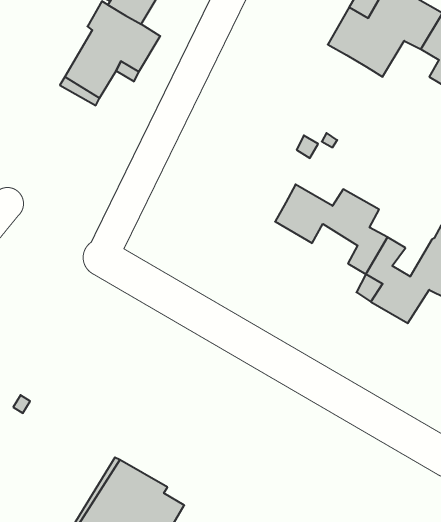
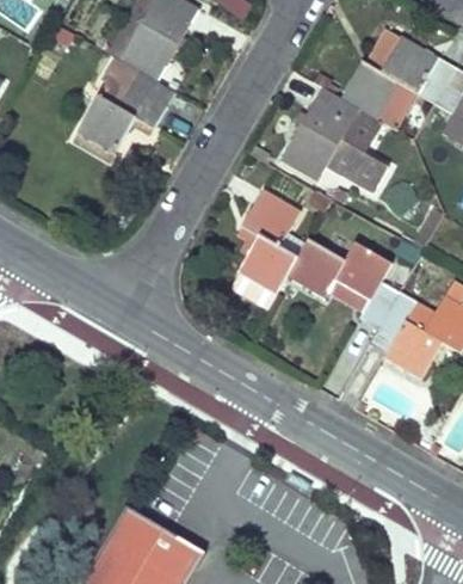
building: none -> [280,86,389,193]
building: none -> [240,188,301,294]

